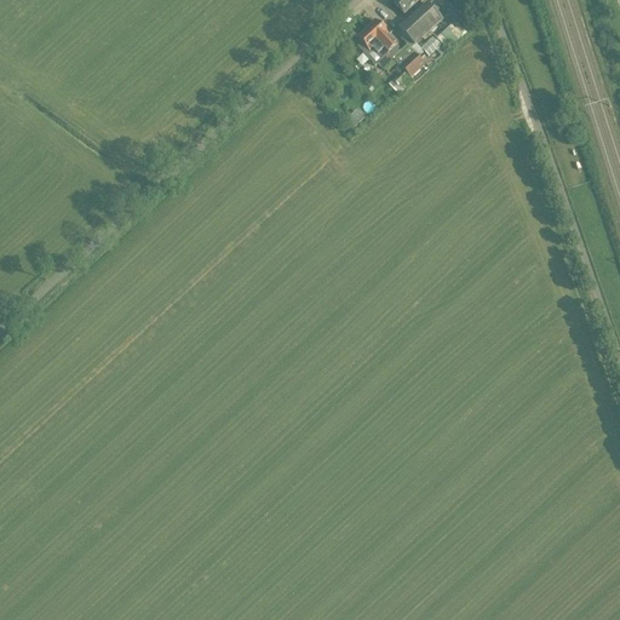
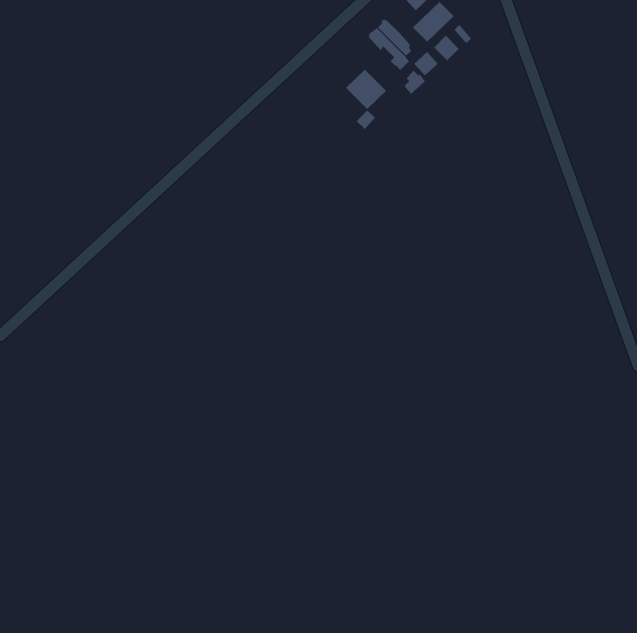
building: none -> [345,69,387,110]

